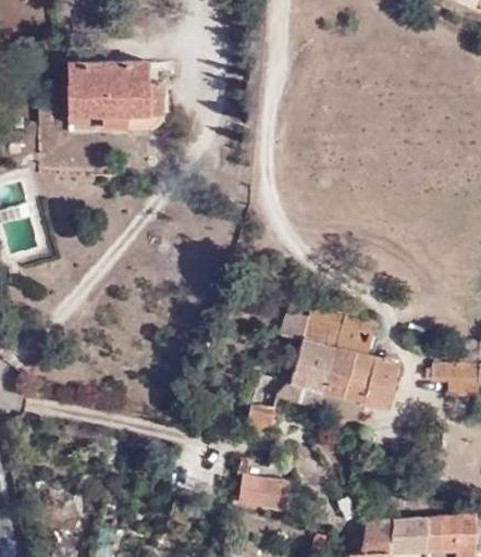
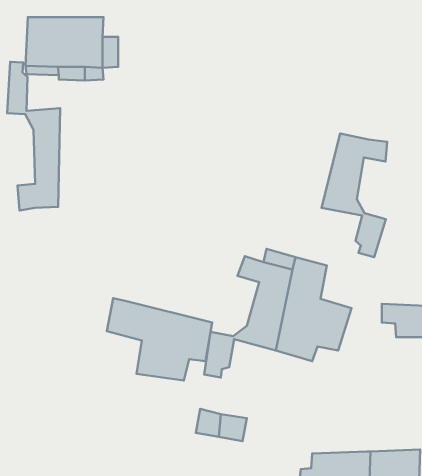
building: none -> [7,62,60,210]
building: none -> [322,134,387,257]
building: none -> [107,298,212,381]

